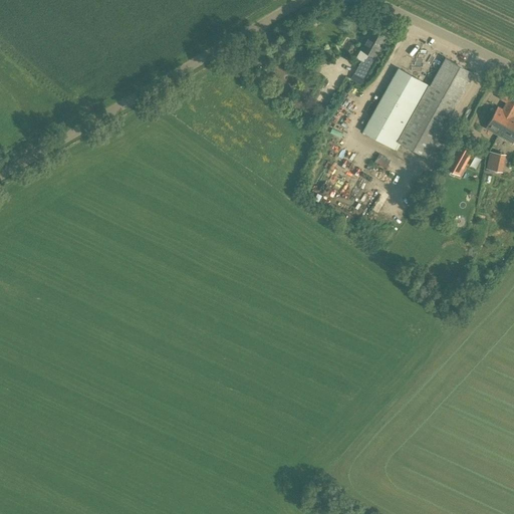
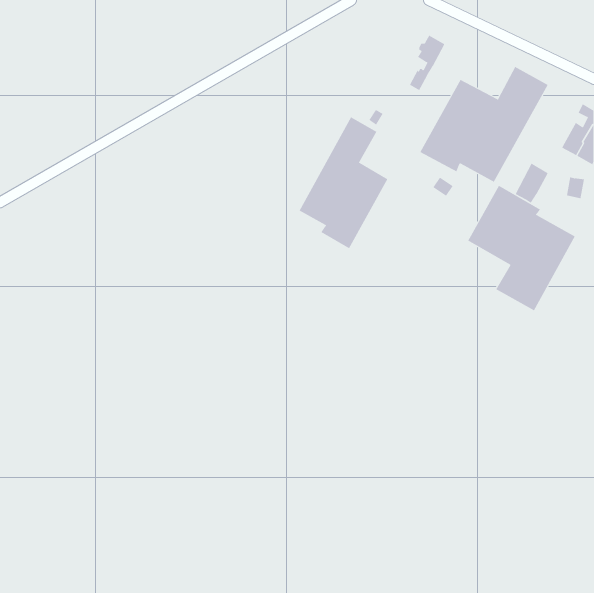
building: none -> [299,117,388,249]
building: none -> [468,185,576,311]

